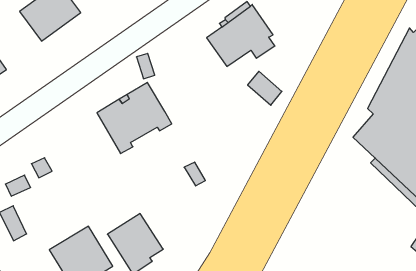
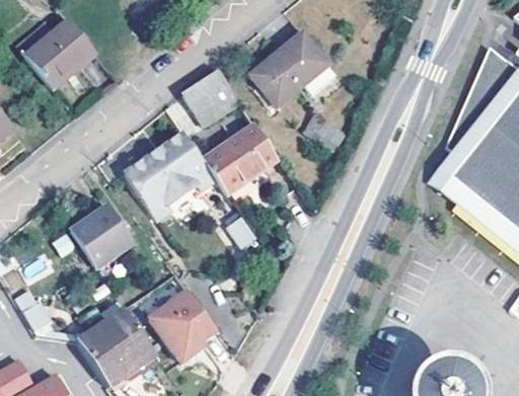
building: none -> [186,70,239,125]
building: none -> [206,126,278,206]
building: none -> [72,206,133,266]

